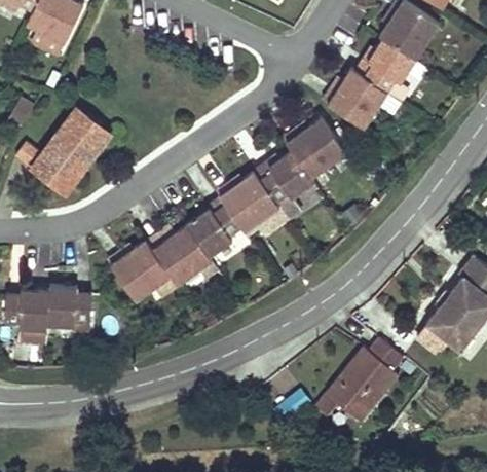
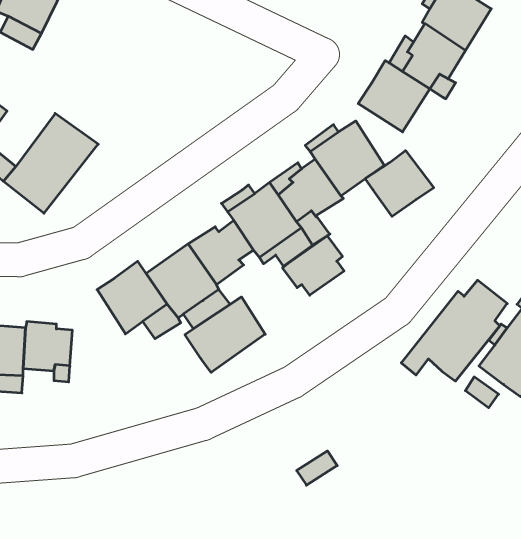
building: none -> [365,151,434,216]
building: none -> [283,236,344,295]
building: none -> [185,297,265,372]
building: [315,338,404,423] -> [401,280,507,381]

